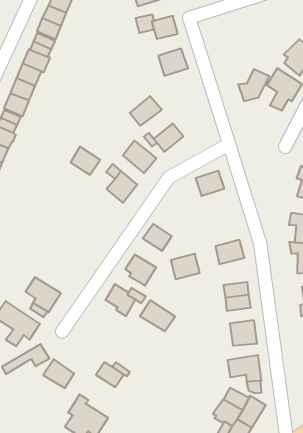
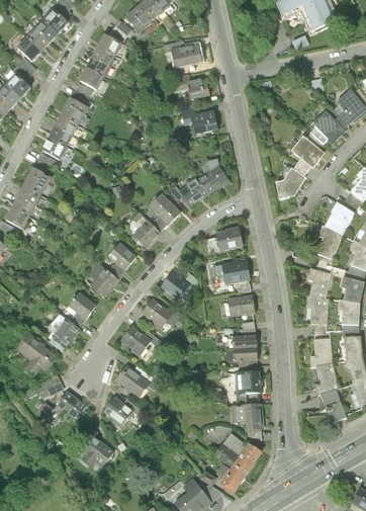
building: [238,69,270,101] -> [276,168,306,197]
building: [130,96,162,126] -> [200,164,231,191]
building: [71,147,100,175] -> [108,241,136,268]
building: none -> [90,262,119,296]
building: none -> [70,290,97,317]
building: [171,254,200,279] -> [224,260,251,282]
building: [140,300,175,331] -> [117,365,151,396]

